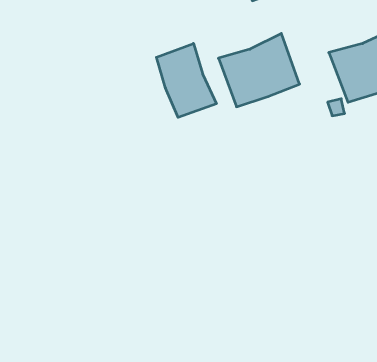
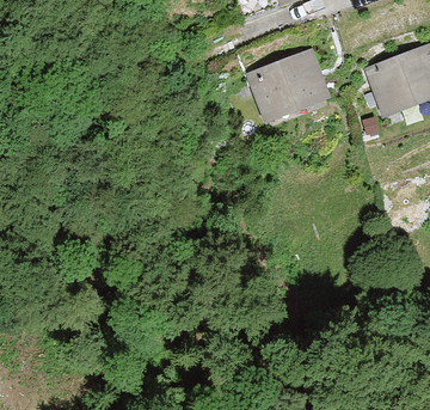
building: [156,43,216,117] -> none

